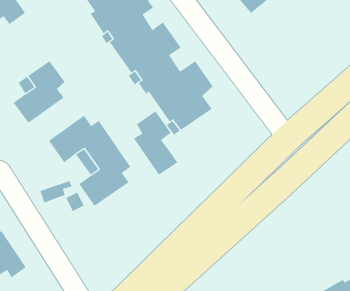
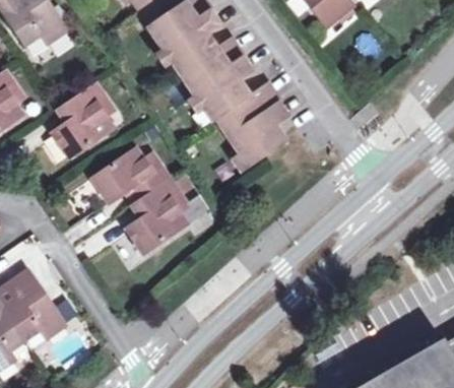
building: [133,111,178,175] -> none

